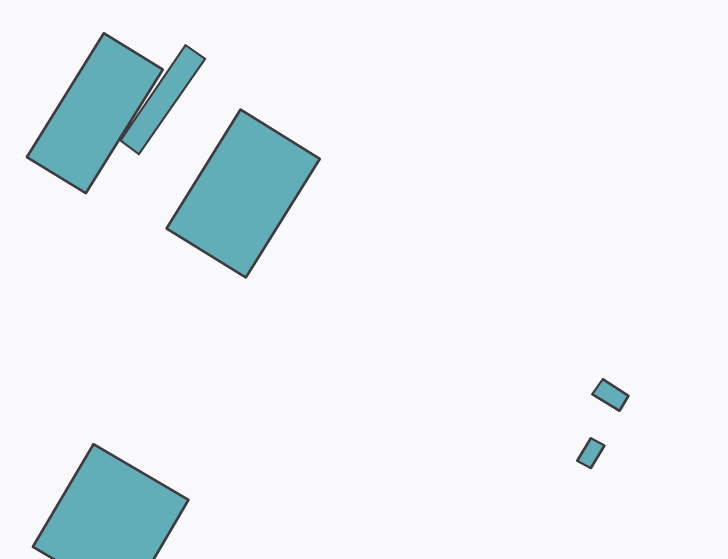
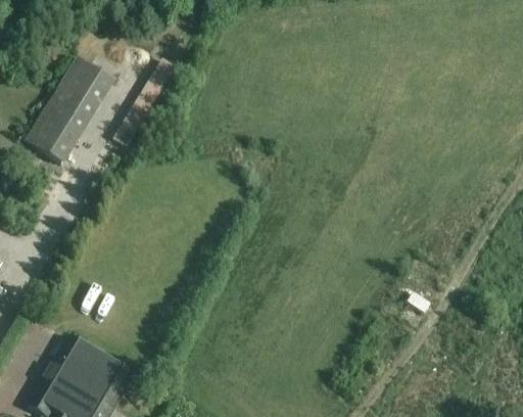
building: [167,110,320,278] -> none

